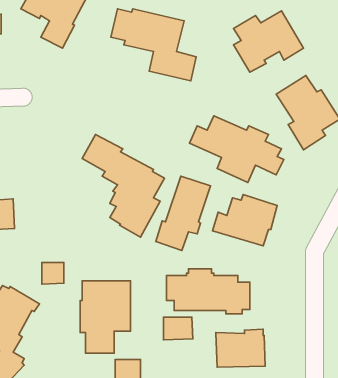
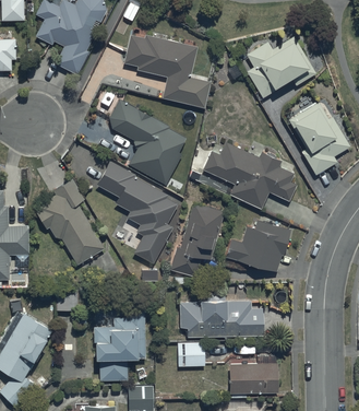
building: none -> [109,99,187,186]
building: none -> [35,179,105,265]

